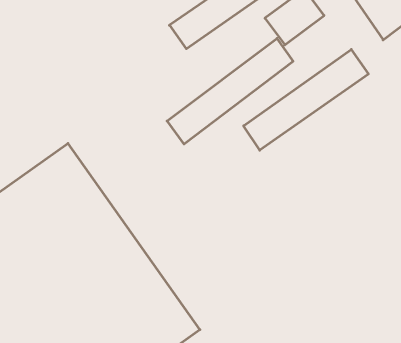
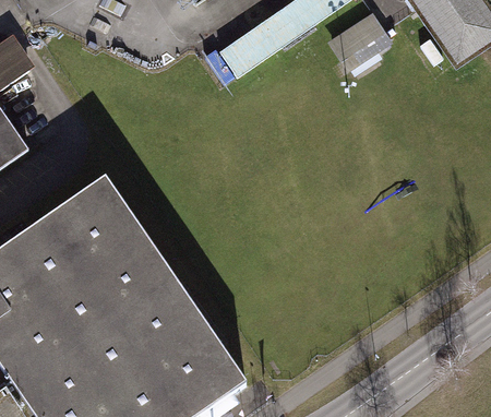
building: [167,38,293,144] -> none
building: [244,49,368,150] -> none

